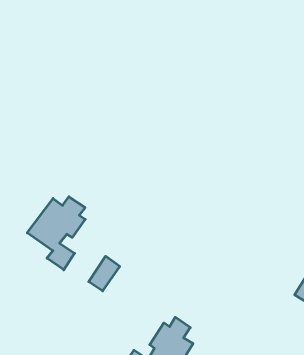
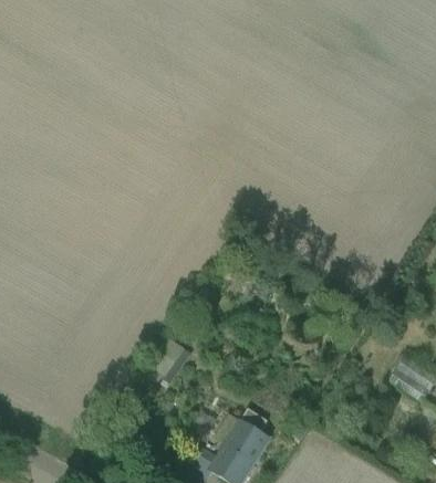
building: [27,197,85,270] -> none

